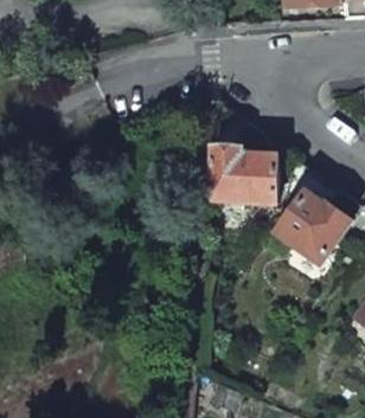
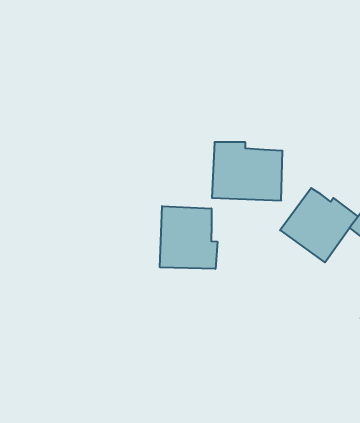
building: none -> [160,206,217,269]

